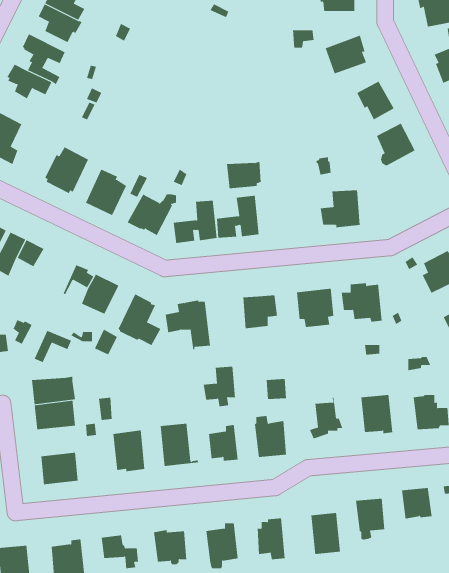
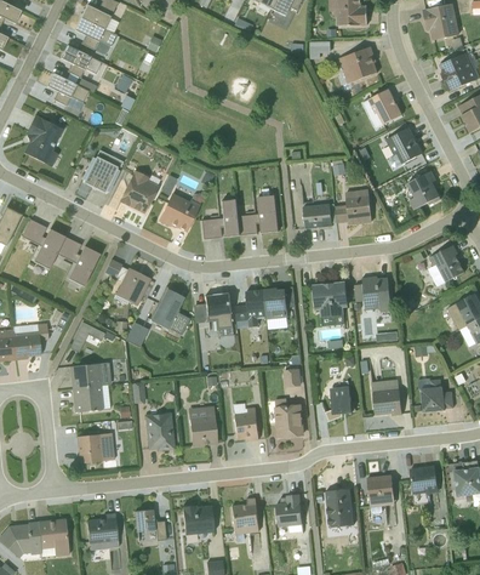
building: [226,161,262,189] -> [303,203,336,228]
building: none -> [408,170,441,209]
building: none -> [67,245,98,285]
building: [203,366,236,407] -> [235,289,265,326]

